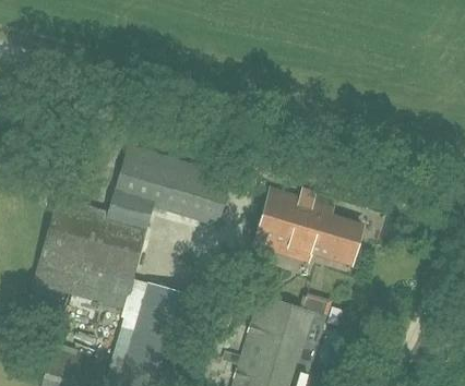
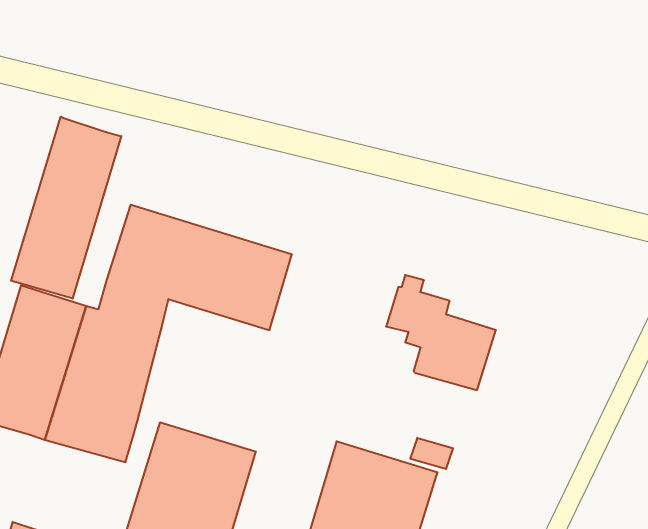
building: none -> [11,117,121,299]
building: [255,188,312,258] -> none

